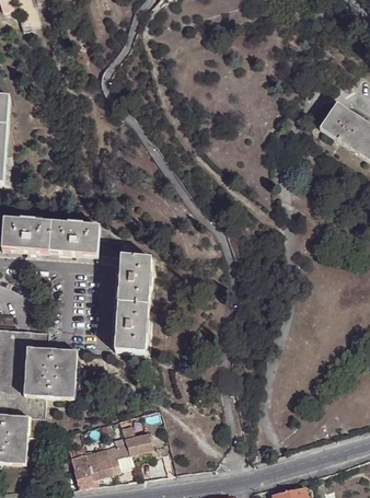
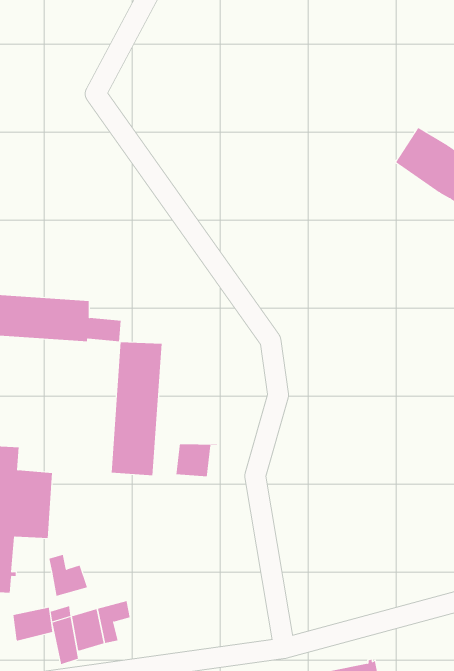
building: none -> [176,443,218,477]
building: [123,422,151,453] -> [48,554,88,597]
building: none -> [8,607,53,644]

